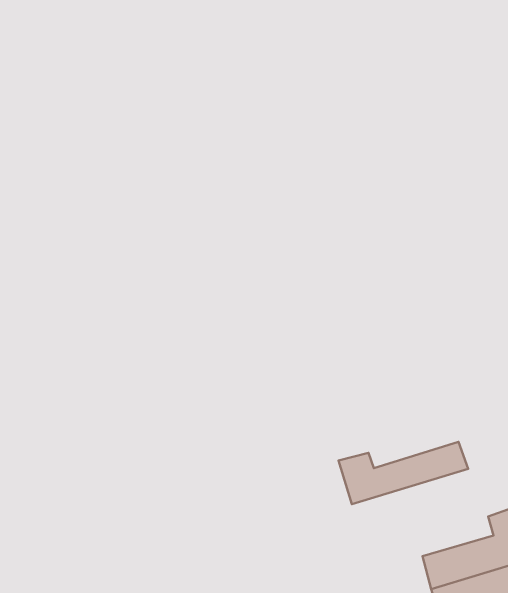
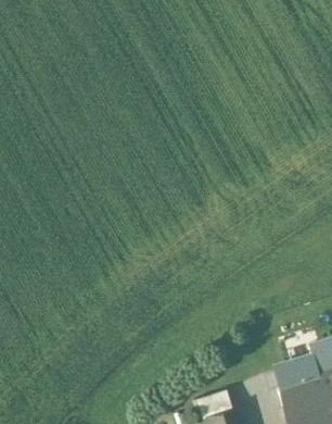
building: [339,442,468,504] -> none

